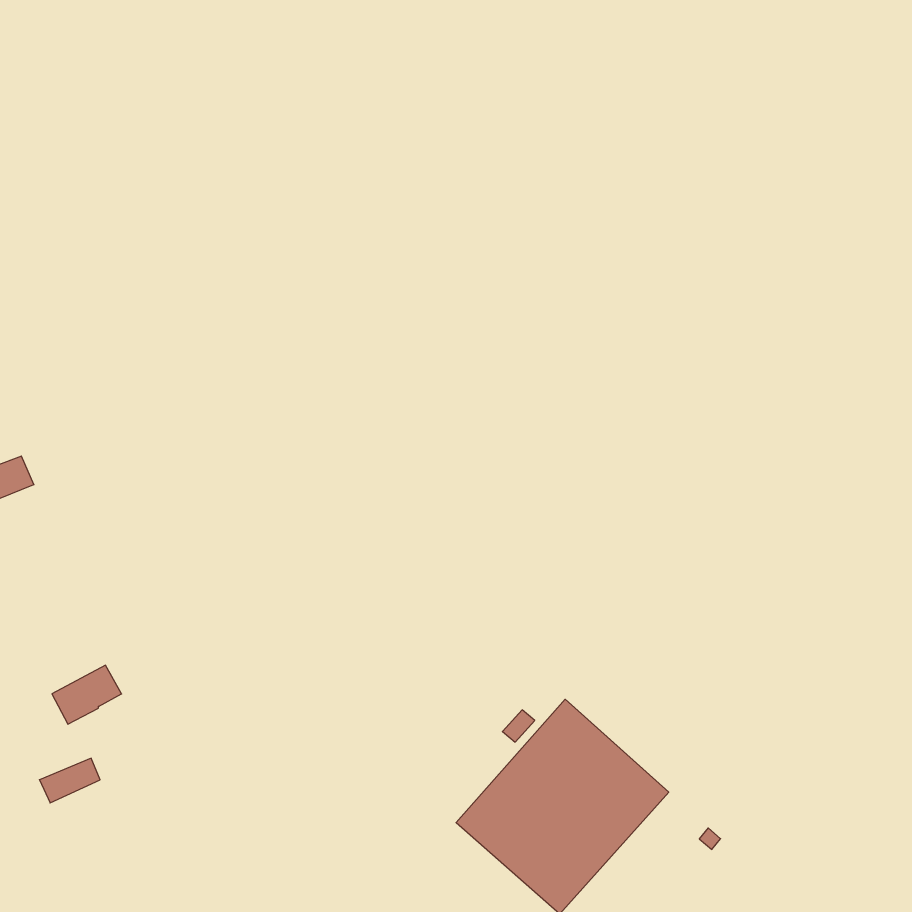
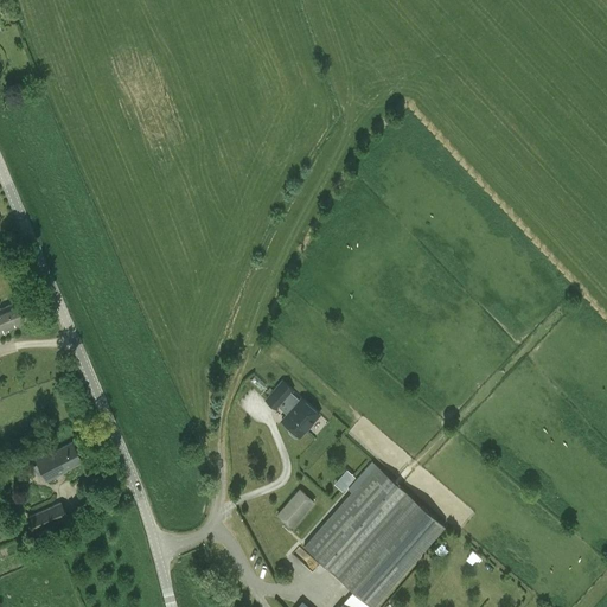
building: none -> [263,382,318,437]
building: none -> [276,491,312,529]

